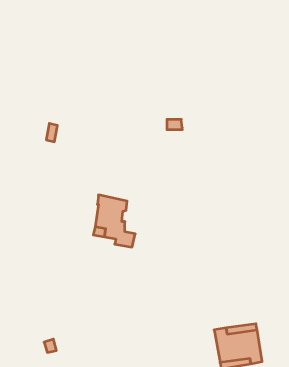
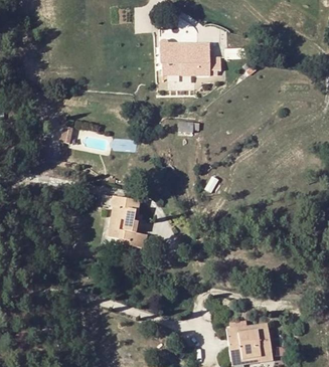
building: none -> [158,39,210,75]

